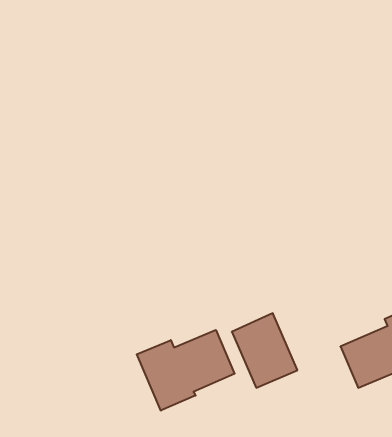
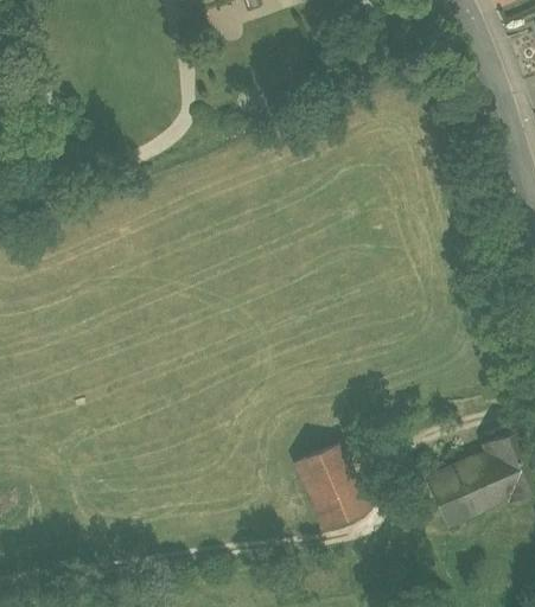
building: [137,330,235,411] -> none

